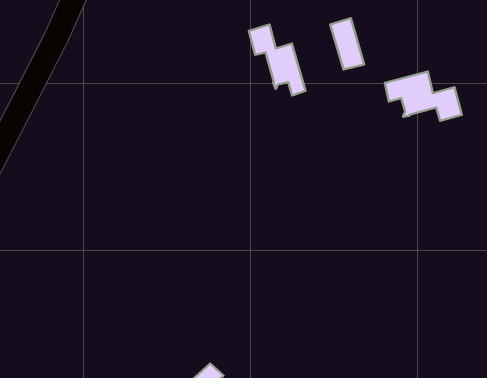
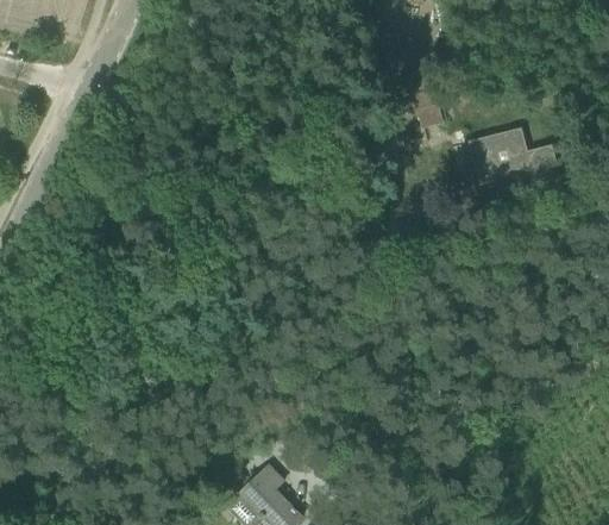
building: [249,25,306,96] -> none

